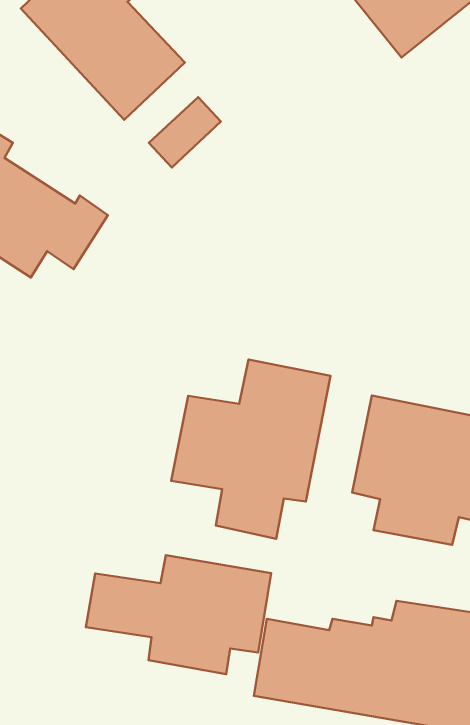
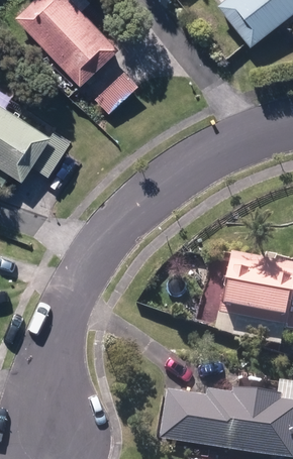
building: [171,359,331,539] -> none
building: [86,555,271,674] -> none

